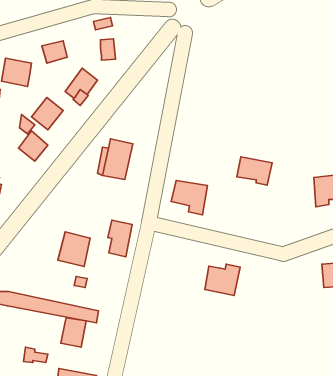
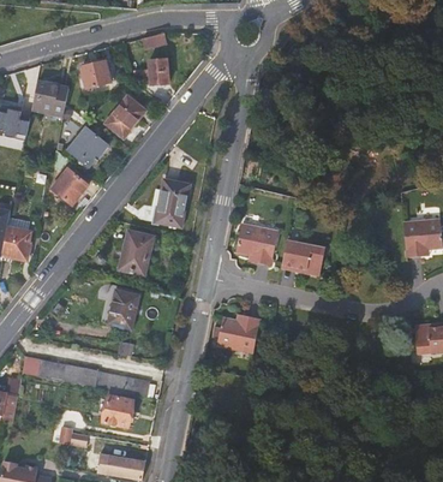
building: [237,157,272,185] -> [282,242,324,275]
building: [108,220,132,257] -> [122,231,151,274]
building: [205,264,240,295] -> [217,316,259,353]

